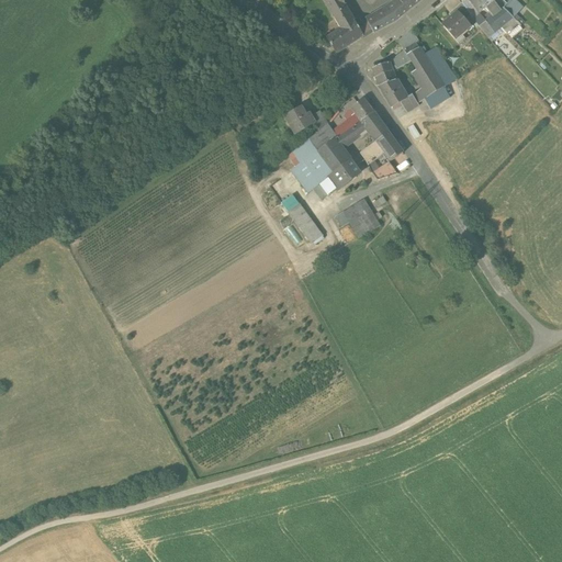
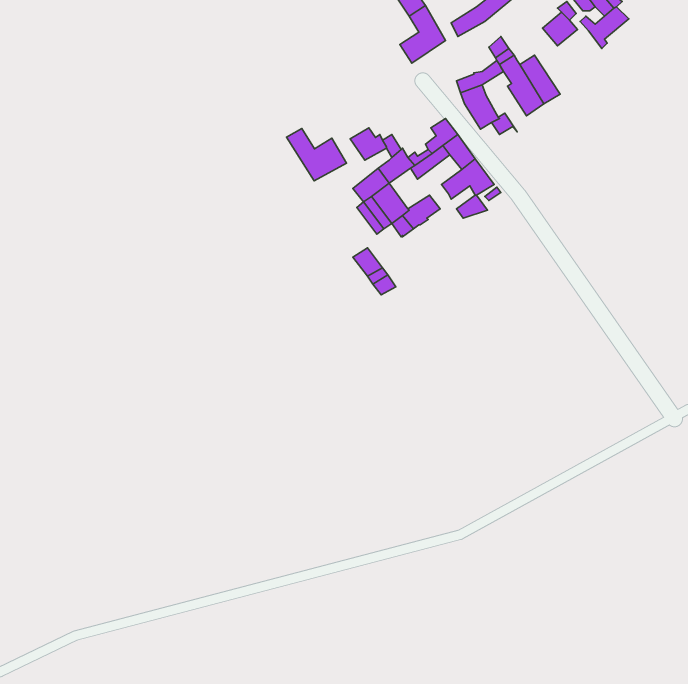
building: none -> [287,129,346,181]
building: [317,137,350,170] -> none
building: [344,196,380,235] -> none

